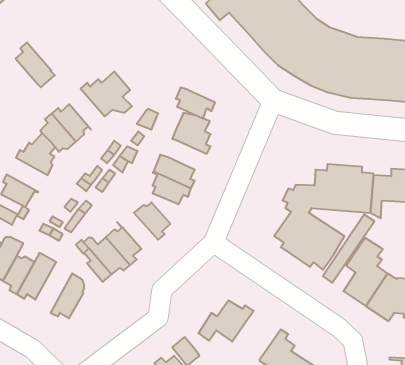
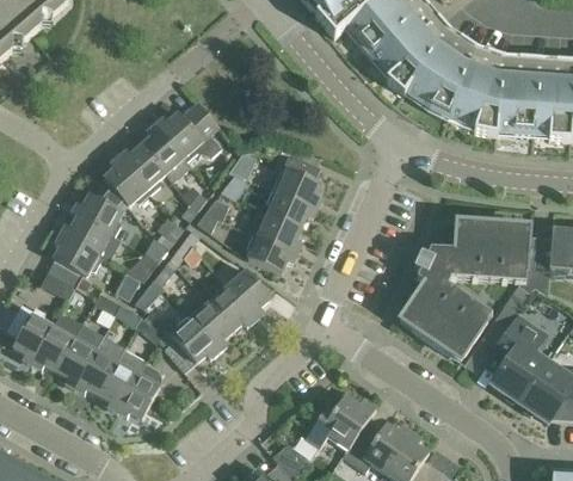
building: [16,42,55,87] -> [141,124,191,181]
building: [176,88,215,118] -> [266,189,316,228]
building: none -> [61,212,113,257]
building: none -> [202,278,254,329]
building: none -> [98,346,140,411]
building: none -> [343,421,411,471]

